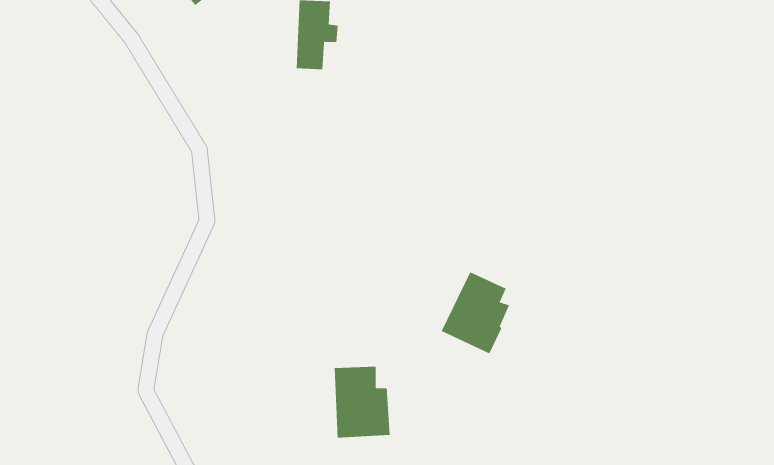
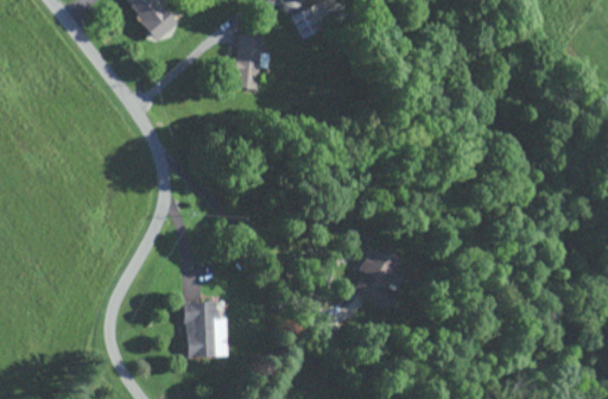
building: [334,366,390,438] -> [186,302,230,357]

